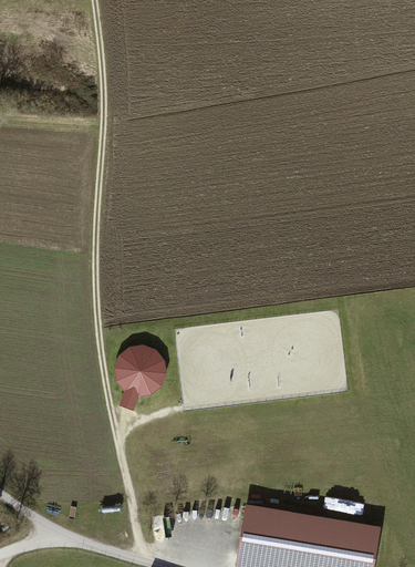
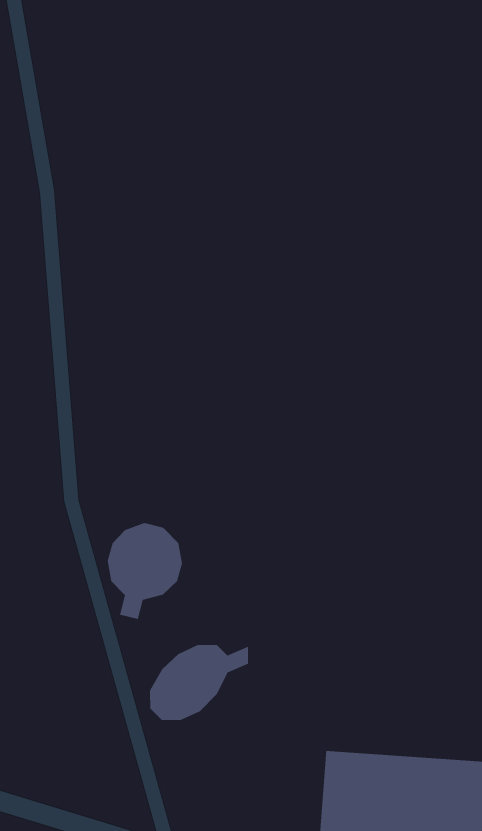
building: none -> [150,644,249,721]

